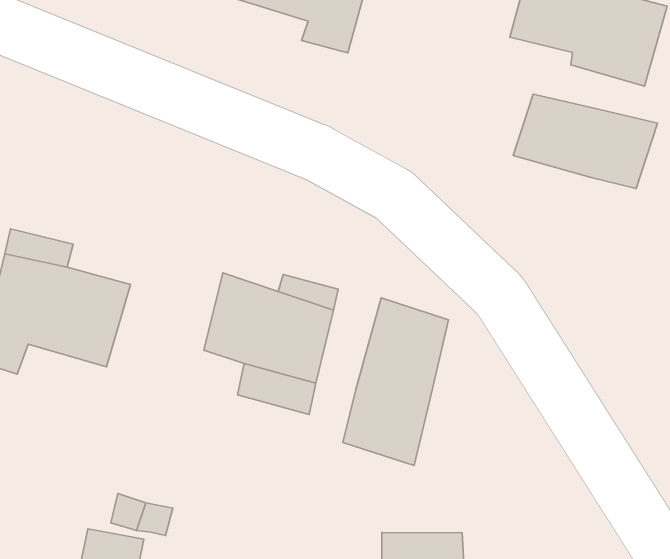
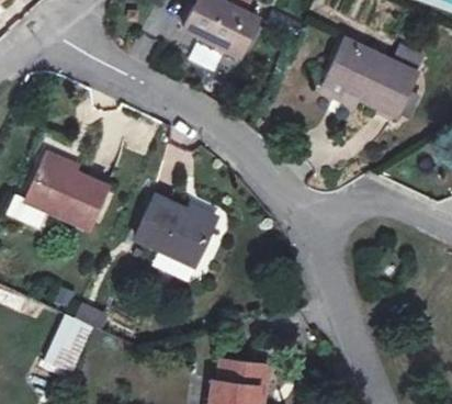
building: [513,94,657,188] -> none
building: [343,298,449,466] -> none

